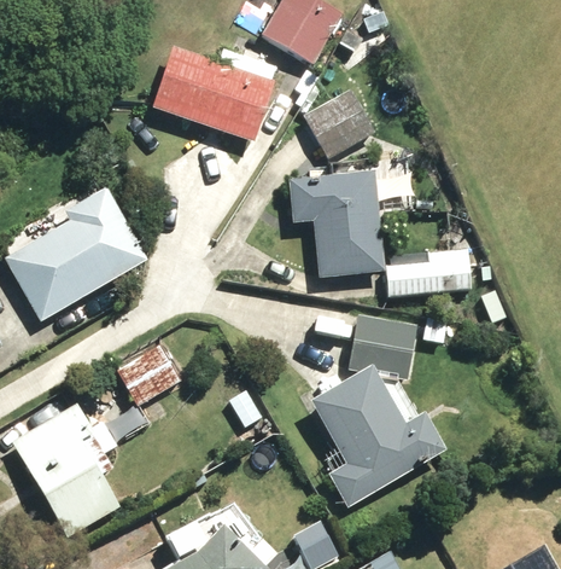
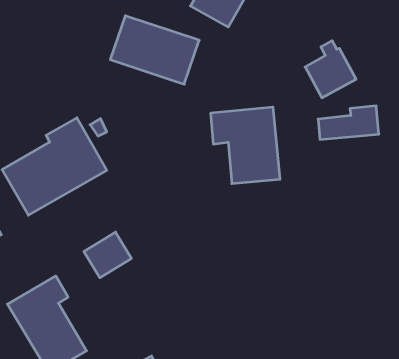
building: [304,79,374,157] -> [305,41,356,98]
building: [387,249,471,295] -> [318,106,379,139]
building: [312,315,446,507] -> none

